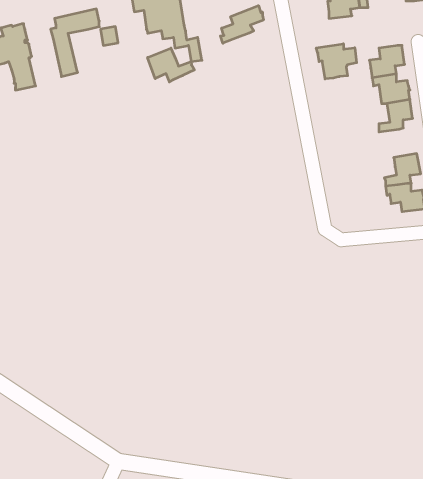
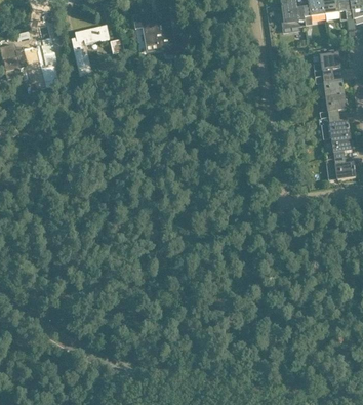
building: [220,6,263,43] -> none
building: [316,44,357,79] -> none
building: [148,48,194,82] -> none
building: none -> [321,115,350,138]

